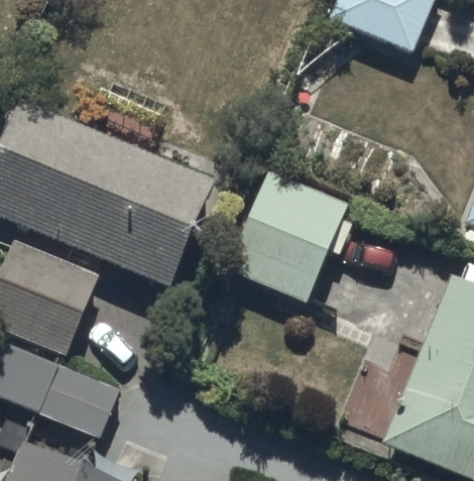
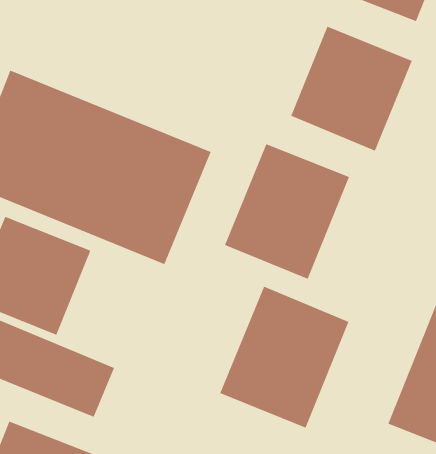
building: none -> [291,26,413,152]
building: none -> [220,286,349,428]

